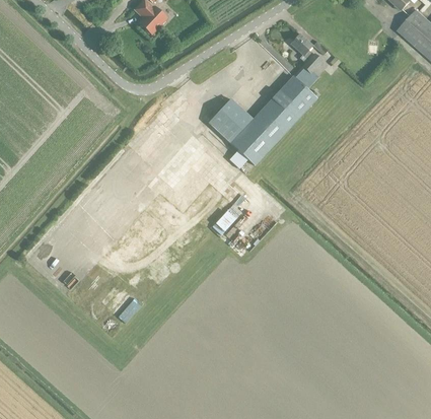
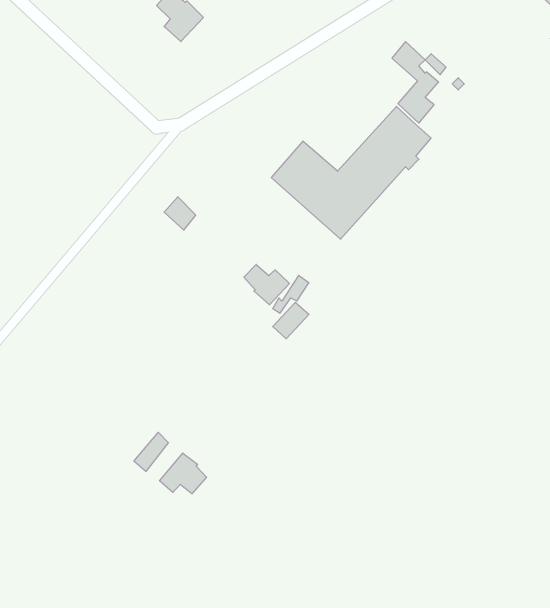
building: none -> [244,264,289,305]
building: none -> [160,453,207,494]

